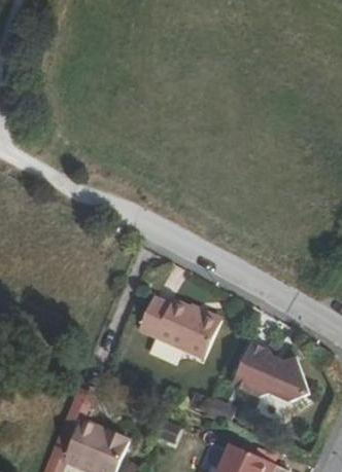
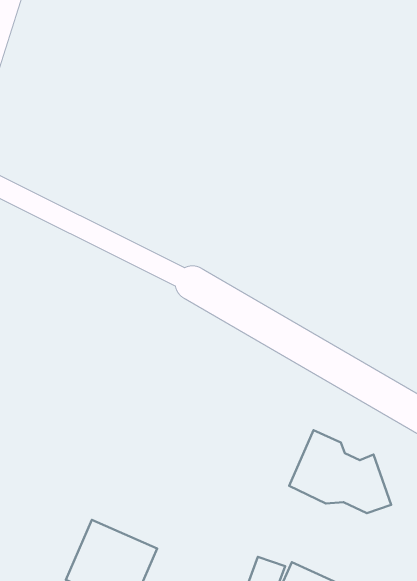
building: [137,296,219,359] -> none

